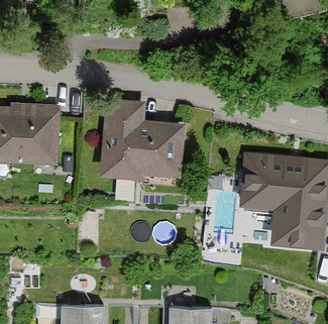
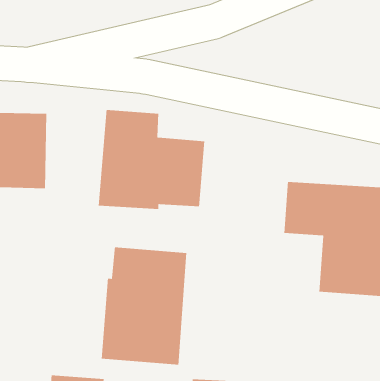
building: none -> [101,247,187,365]

